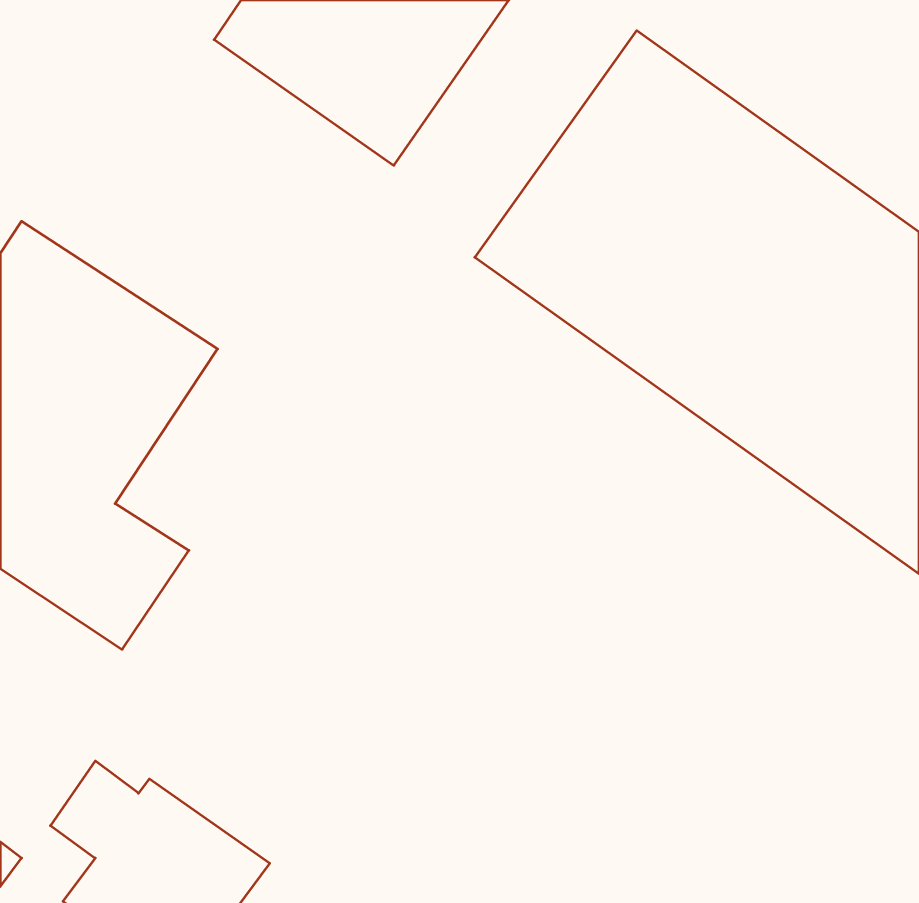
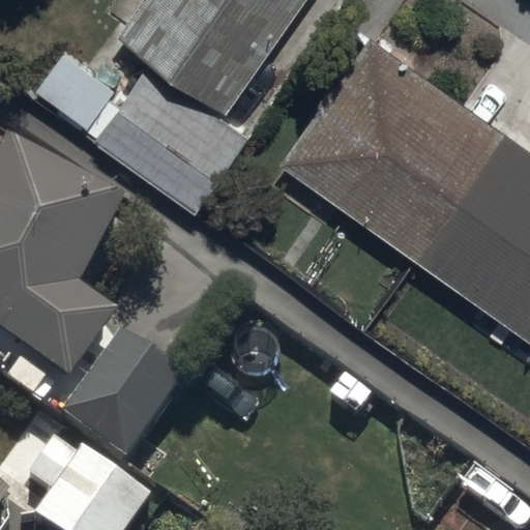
building: none -> [94,62,252,208]
building: none -> [65,345,183,468]

